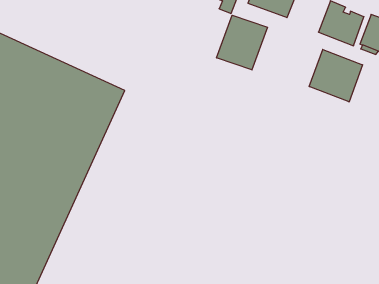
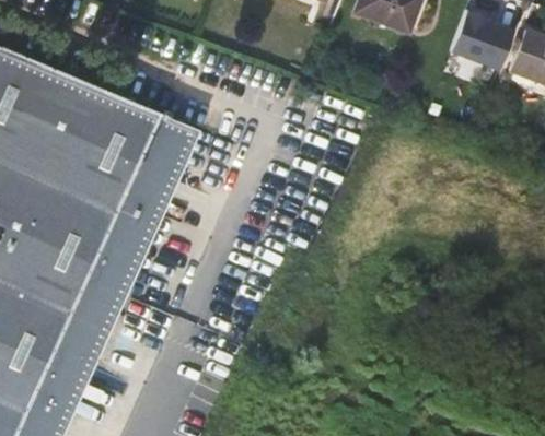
building: [217,15,268,70] -> none
building: [309,49,363,102] -> none

